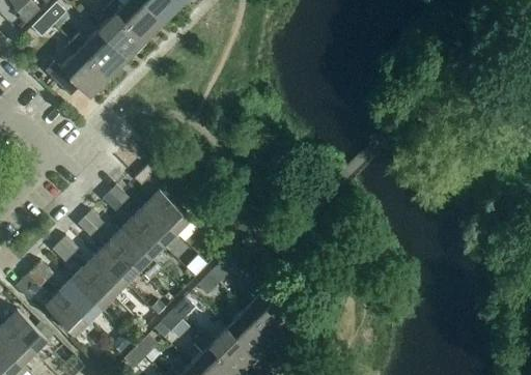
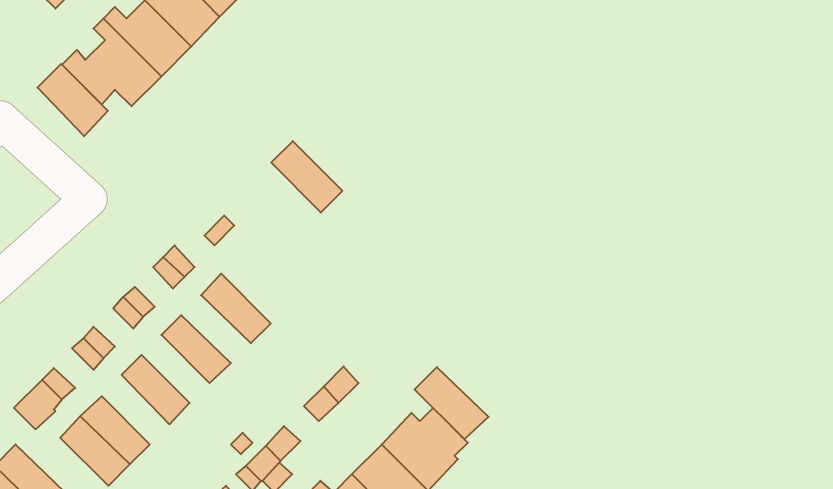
building: none -> [37,64,108,136]
building: [144,190,189,234] -> [271,141,342,212]
building: [119,217,163,259] -> none
building: [94,241,137,284] -> none
building: none -> [415,367,489,439]
building: [69,266,112,310] -> none

